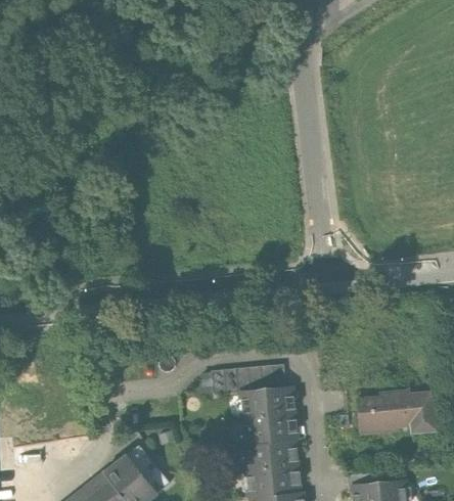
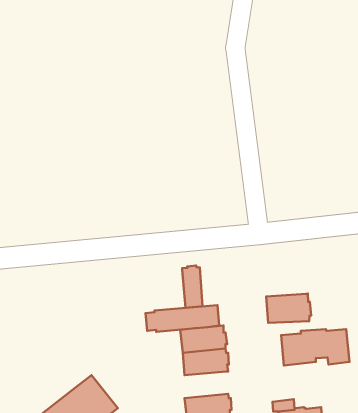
building: none -> [182,266,203,308]
building: none -> [266,293,311,323]
building: [244,442,299,472] -> none

